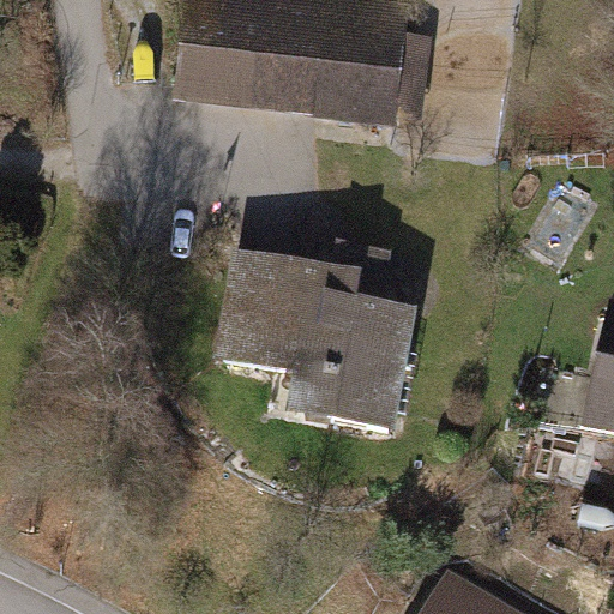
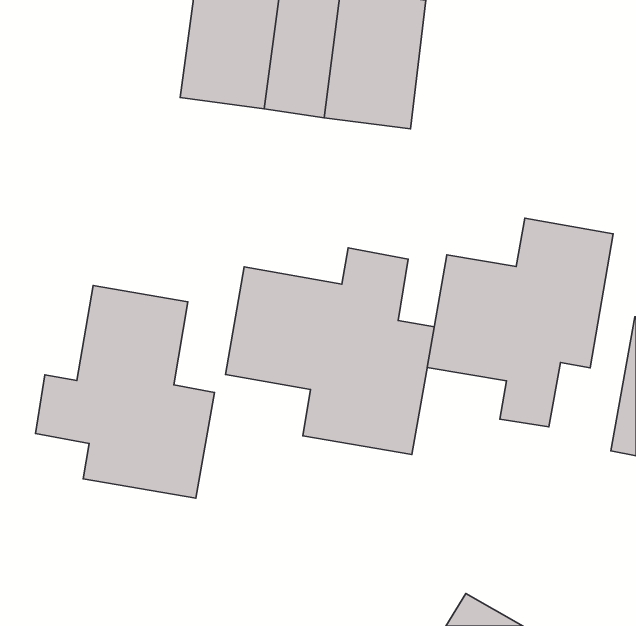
building: none -> [427,218,613,427]
building: none -> [35,285,214,498]

